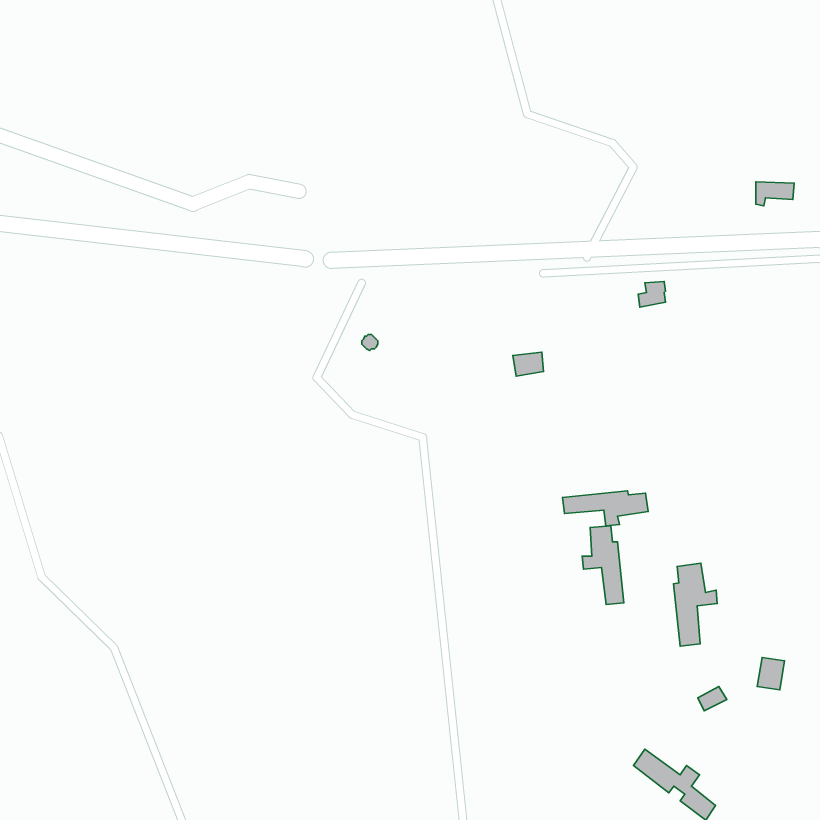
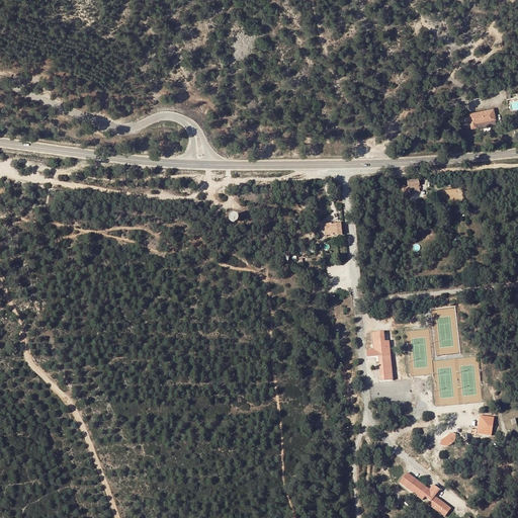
building: [562,491,648,526] -> none
building: [674,563,717,646] -> none

